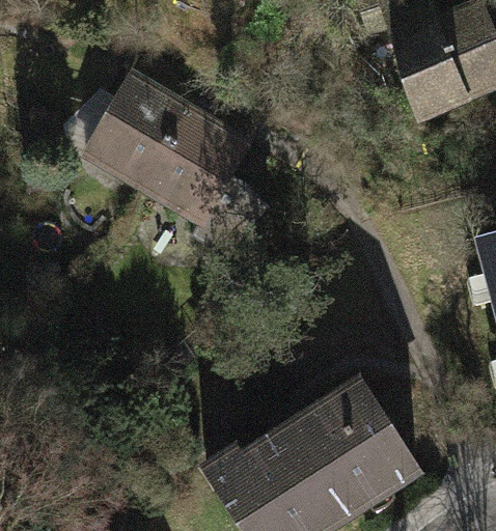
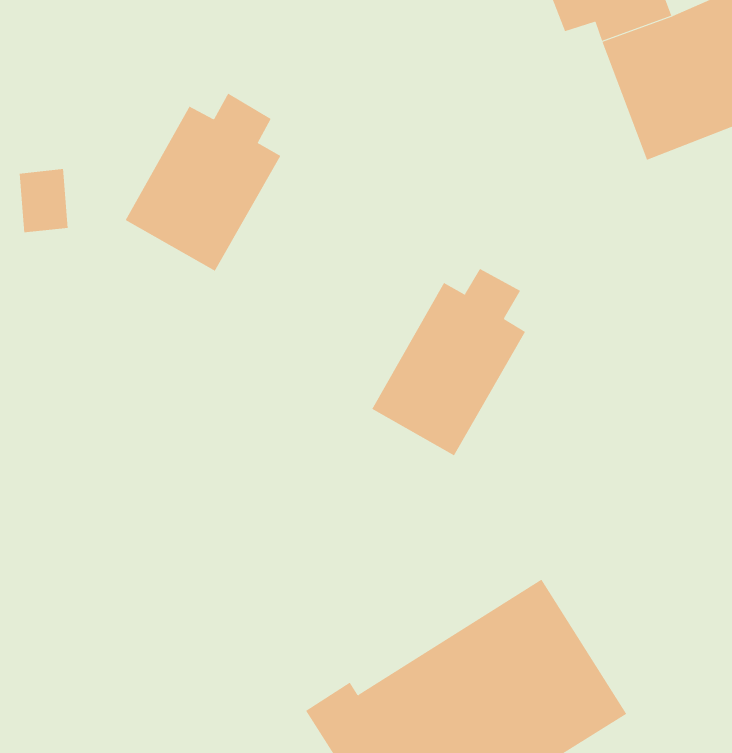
building: [143,112,246,221] -> none
building: none -> [371,268,526,456]

